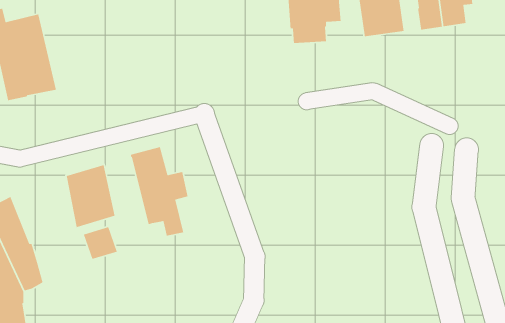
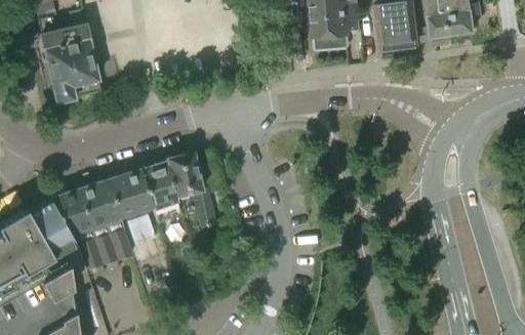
building: none -> [143,154,183,222]
building: none -> [57,170,131,267]

